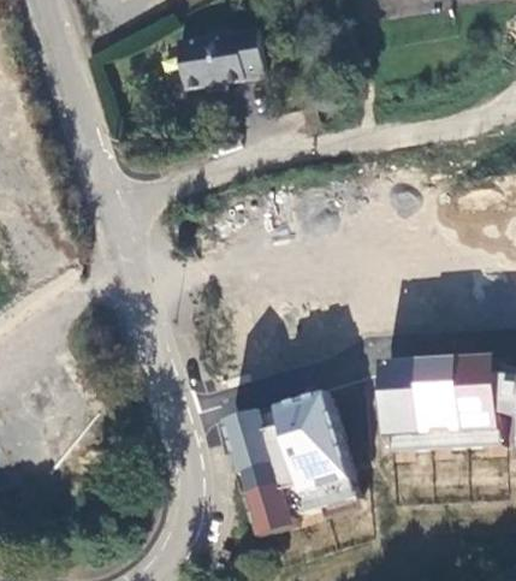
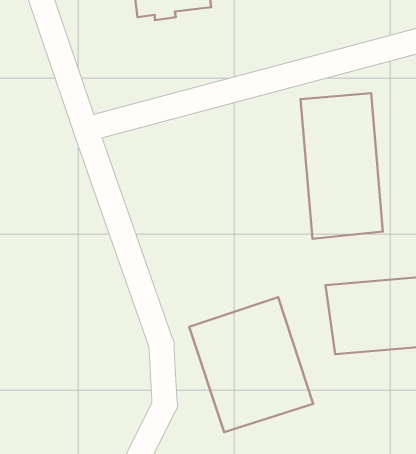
building: none -> [300,93,383,239]

